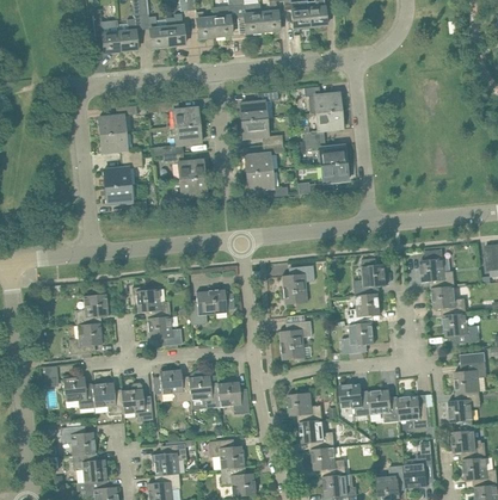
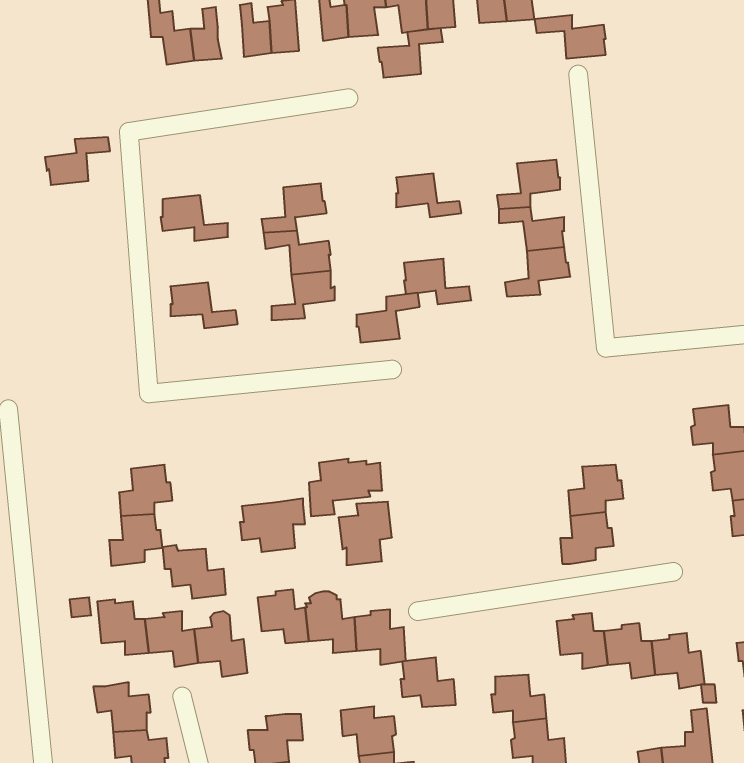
building: [296,86,339,112] -> [535,15,606,59]
building: [239,91,278,121] -> [378,28,443,78]
building: [158,100,198,126] -> none
building: [98,105,137,134] -> [45,137,110,185]
building: [245,142,283,172] -> [356,293,420,342]
building: [103,156,142,186] -> none
building: [353,264,386,295] -> none
building: [282,265,314,303] -> none
building: [131,286,170,319] -> [162,545,226,599]
building: [278,321,311,359] -> [338,502,392,565]
building: [289,391,322,421] -> [400,657,456,707]

